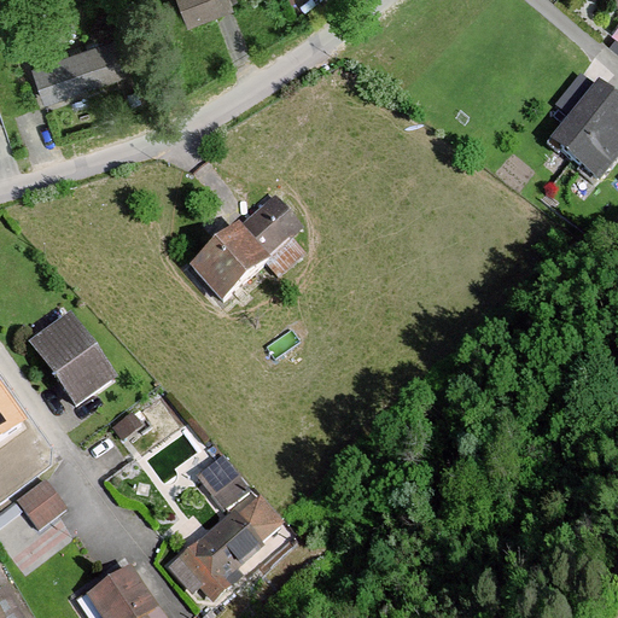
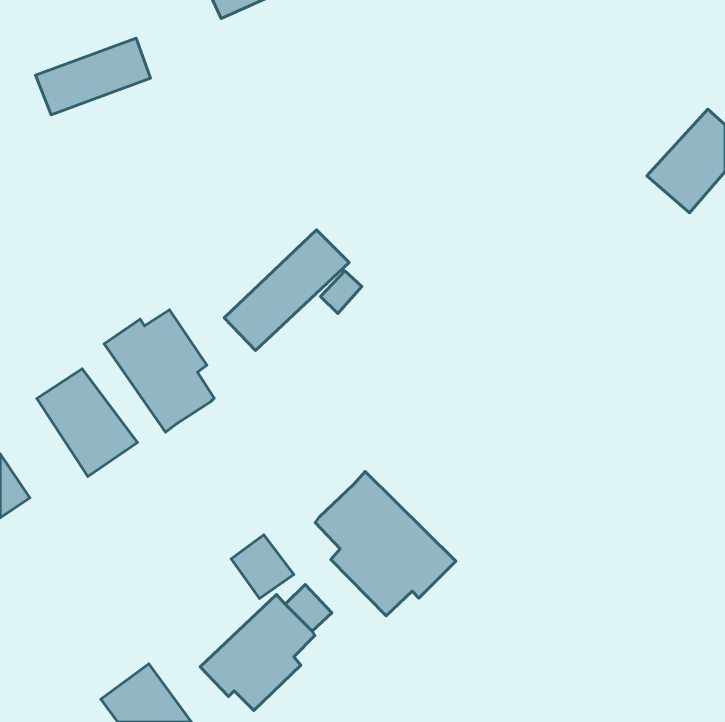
building: none -> [104,310,214,432]
building: none -> [315,472,456,616]
building: [14,478,66,530] -> none

